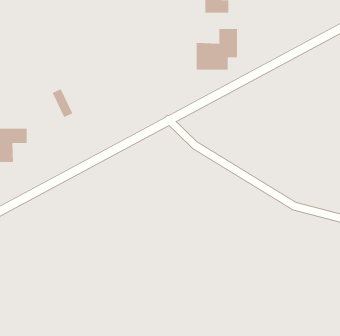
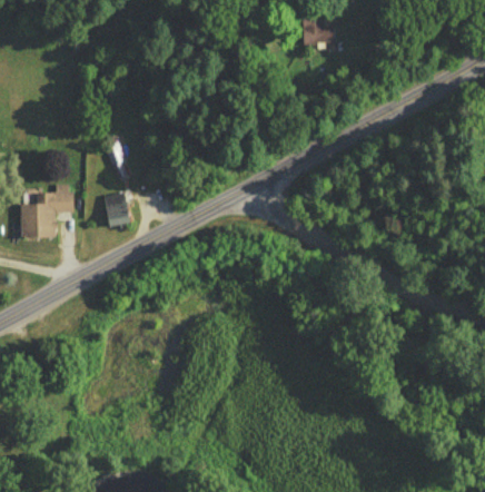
building: [196,28,237,70] -> none
building: none -> [106,193,130,227]

